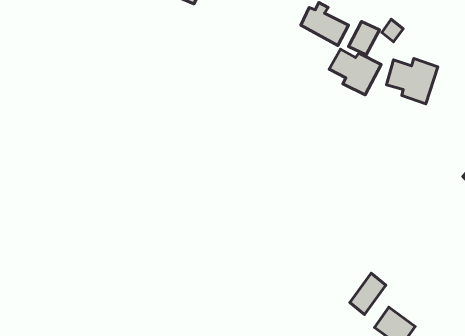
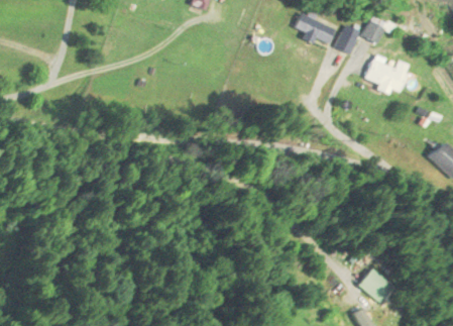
building: [329,49,381,95] -> none
building: [350,273,386,314] -> none

